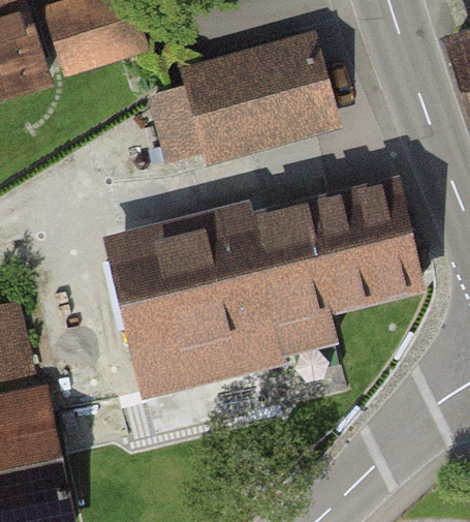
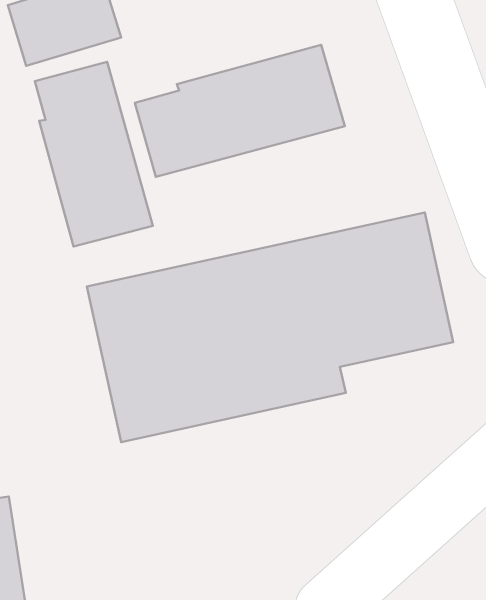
building: none -> [35,62,153,247]

